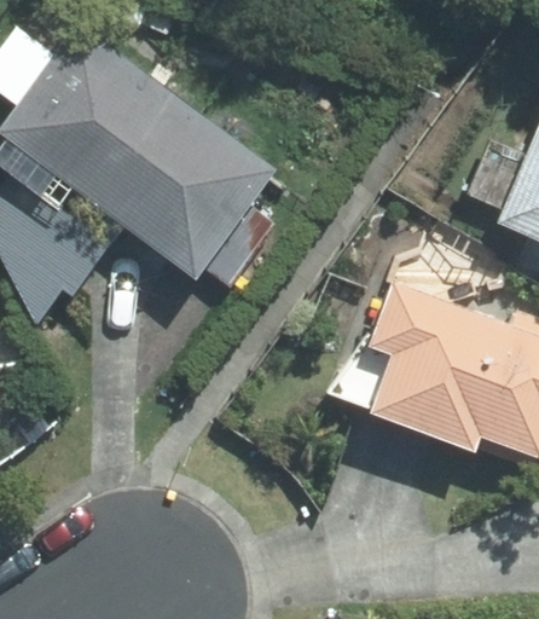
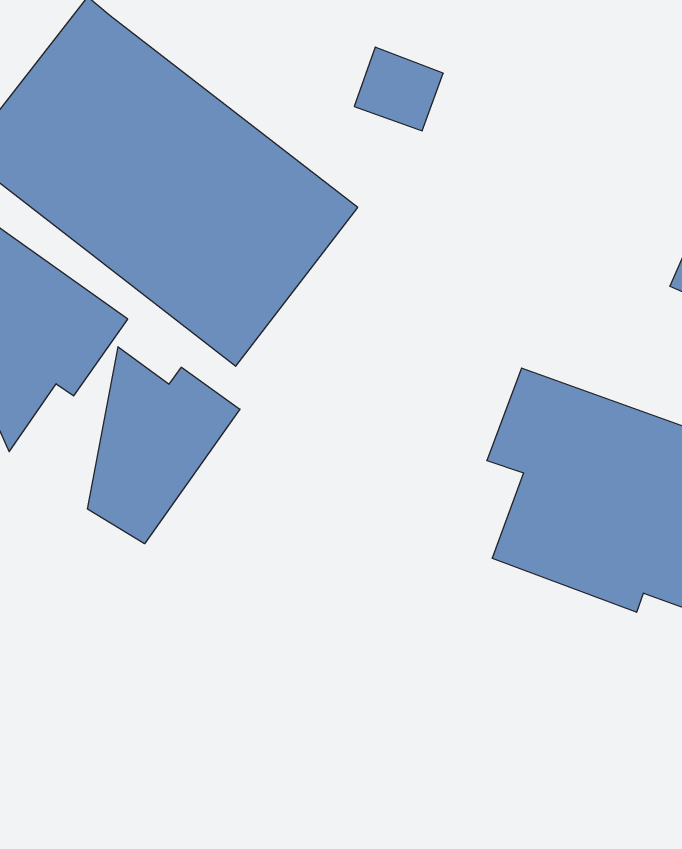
building: none -> [87,347,240,544]

